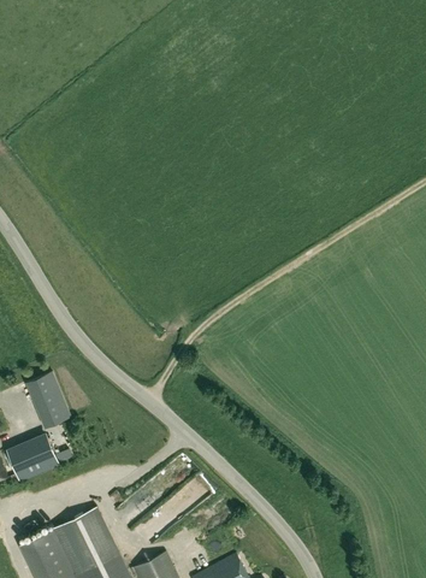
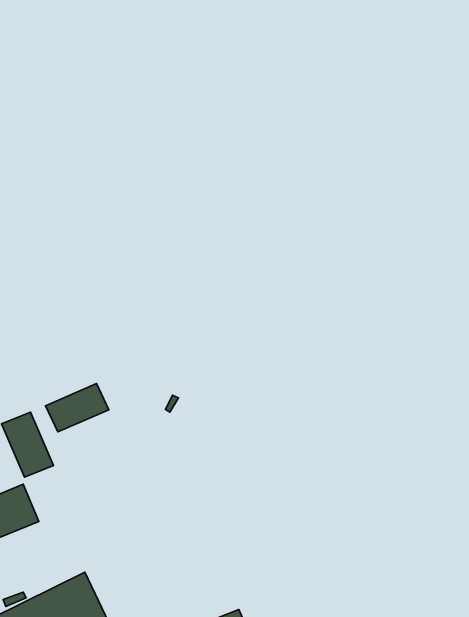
building: none -> [46,384,109,432]

